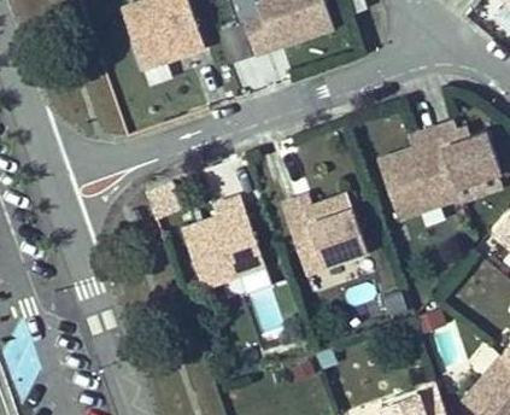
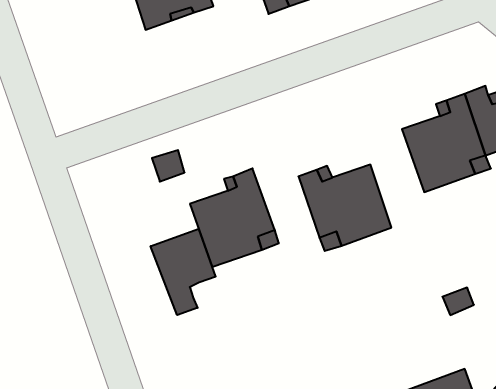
building: none -> [151,229,216,315]

